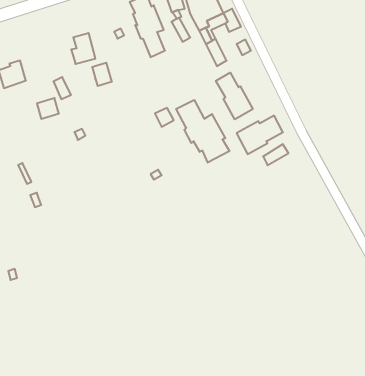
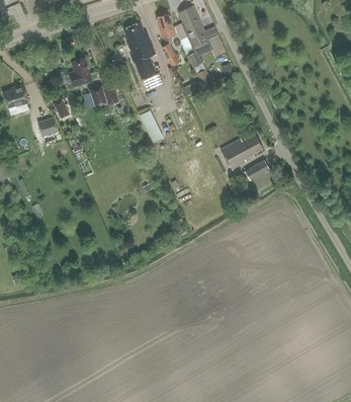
building: [216,73,253,119] -> none
building: [176,100,229,163] -> none

